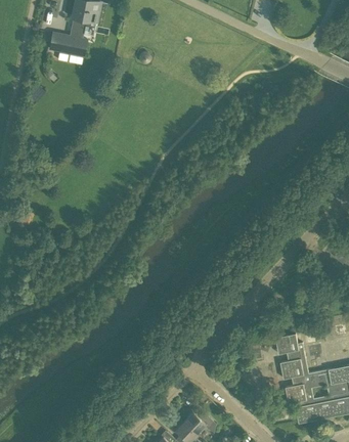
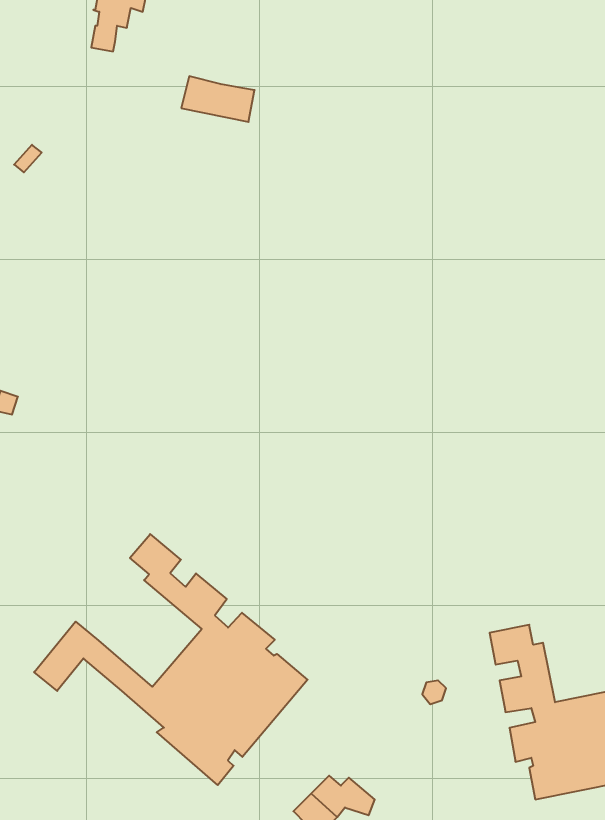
building: [48,33,86,56] -> [181,76,255,122]
building: none -> [34,534,308,785]

